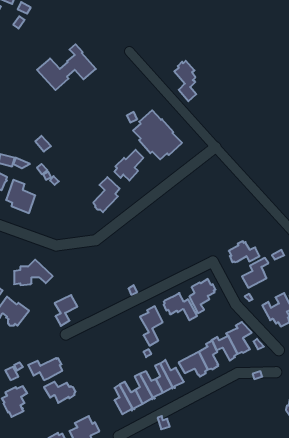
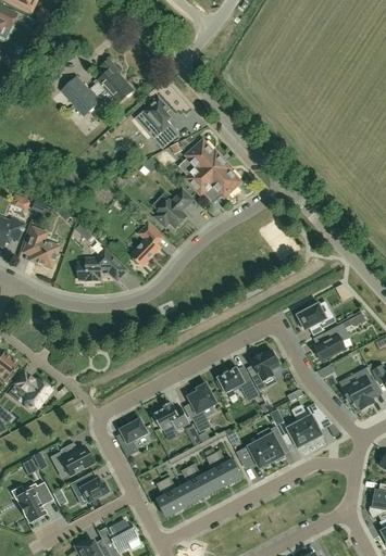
building: [174,61,196,101] -> [145,98,172,148]
building: [14,260,53,285] -> [78,250,126,281]
building: [55,295,77,326] -> [120,419,148,457]
building: none -> [152,403,190,433]

